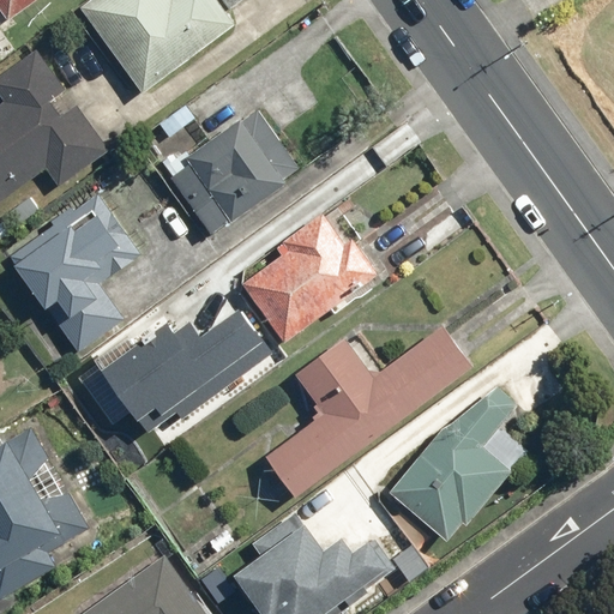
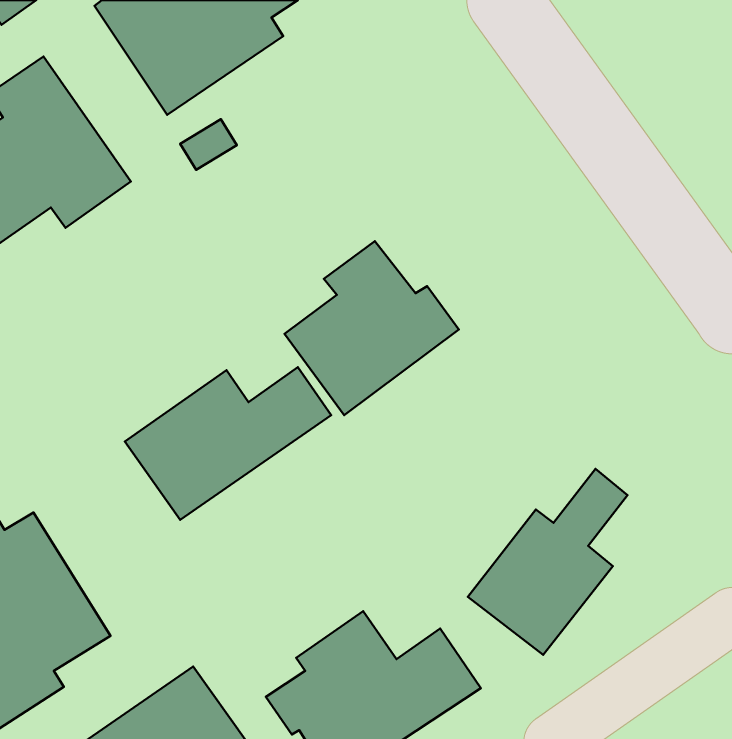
building: [156,109,301,237] -> none
building: [6,199,131,360] -> none
building: [264,326,472,500] -> none

